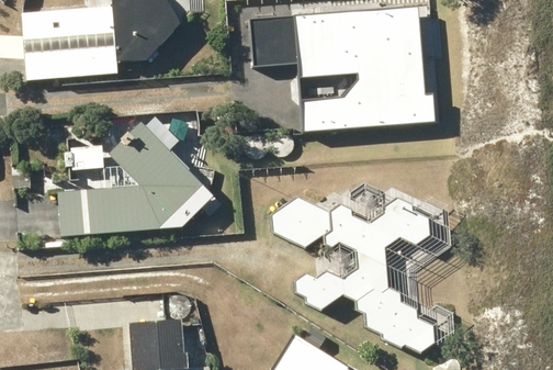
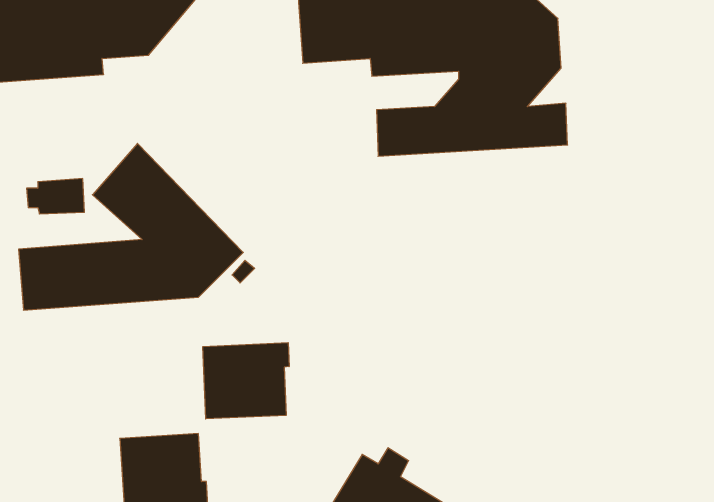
building: [271,198,433,351] -> none
building: none -> [203,343,289,419]

